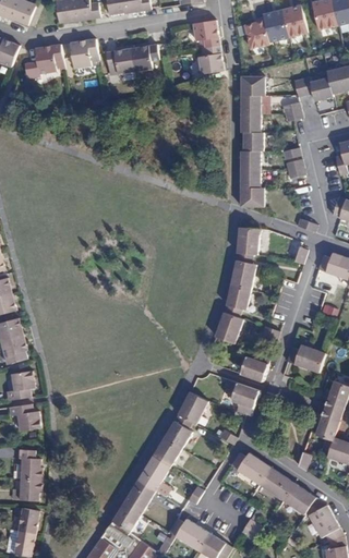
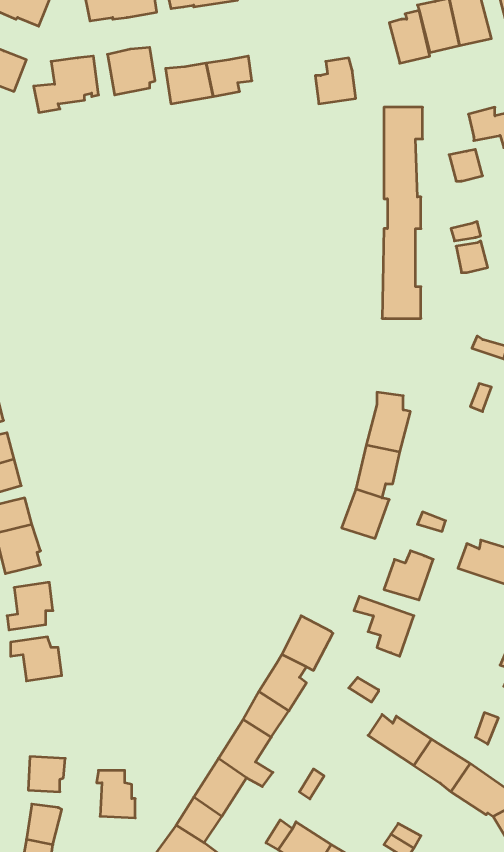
building: [192,21,218,48] -> none
building: [236,228,258,255] -> none
building: [19,450,43,480] -> [97,770,135,818]

